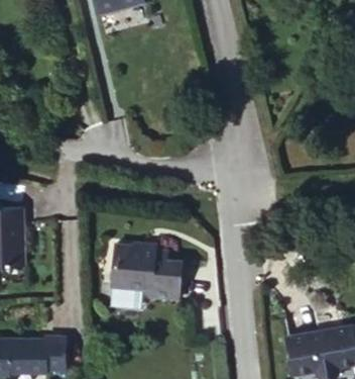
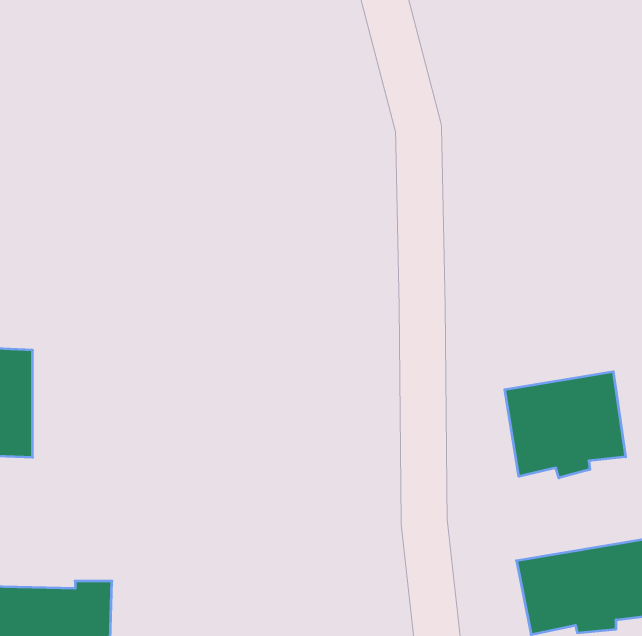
building: none -> [505,372,626,478]
building: [105,250,175,306] -> none

